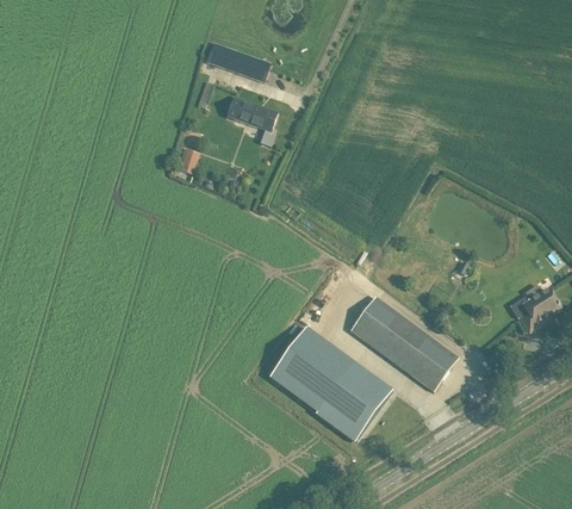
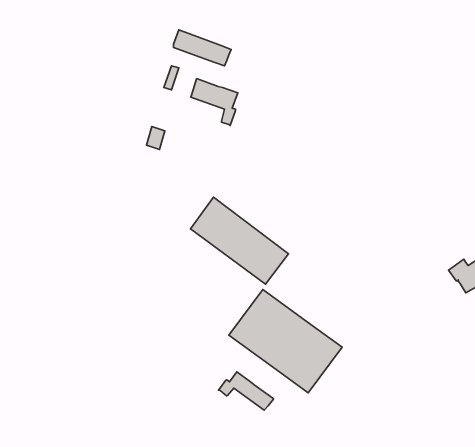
building: [350,296,458,391] -> [191,197,288,284]
building: none -> [219,372,274,410]

